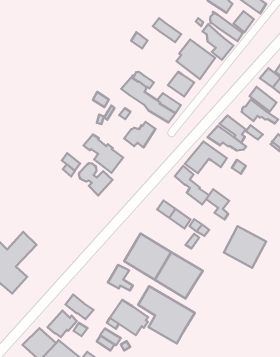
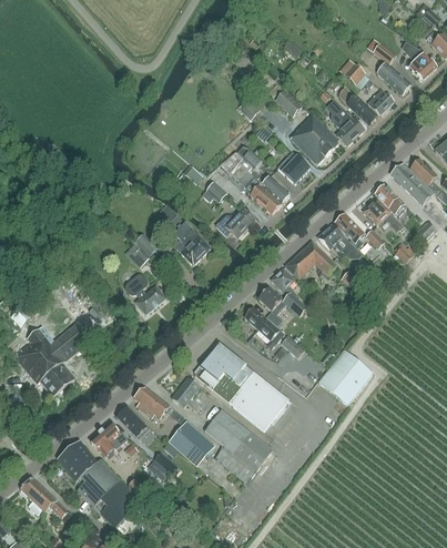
building: [79,163,112,196] -> [124,273,164,314]
building: [206,189,229,220] -> [257,287,285,326]
building: none -> [132,386,185,423]

